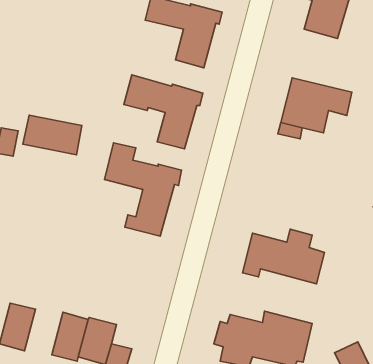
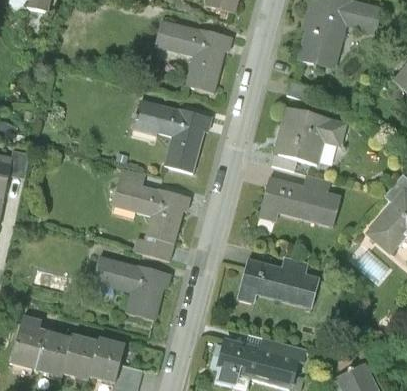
building: [23,115,82,155] -> none
building: none -> [271,170,352,222]
building: none -> [90,258,168,321]
building: none -> [34,331,71,379]

